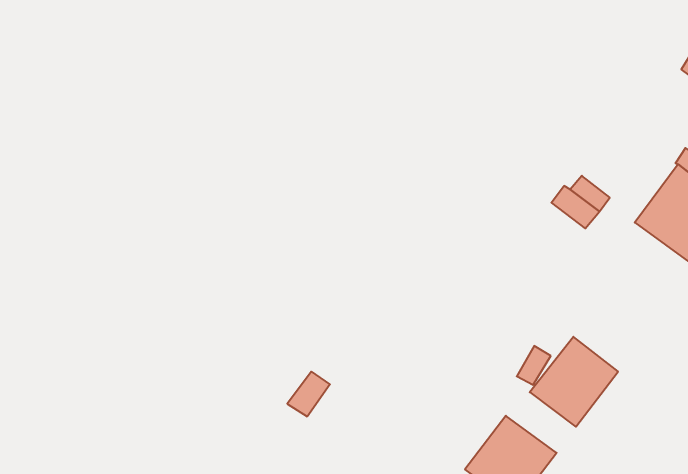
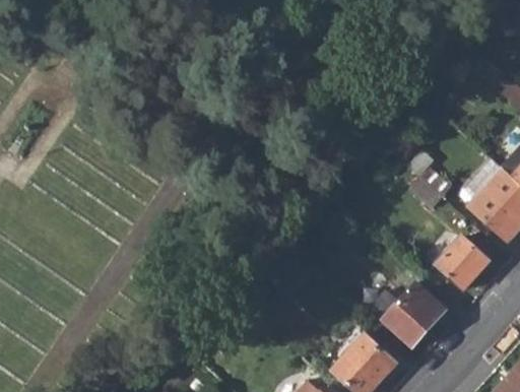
building: none -> [435,236,489,288]

